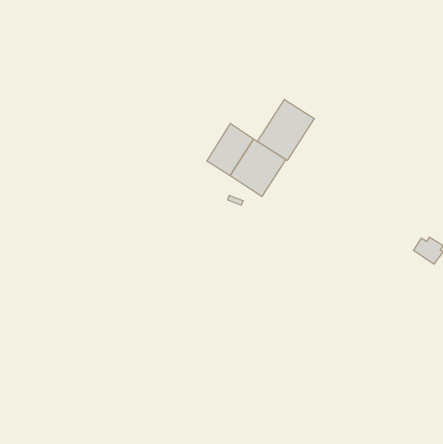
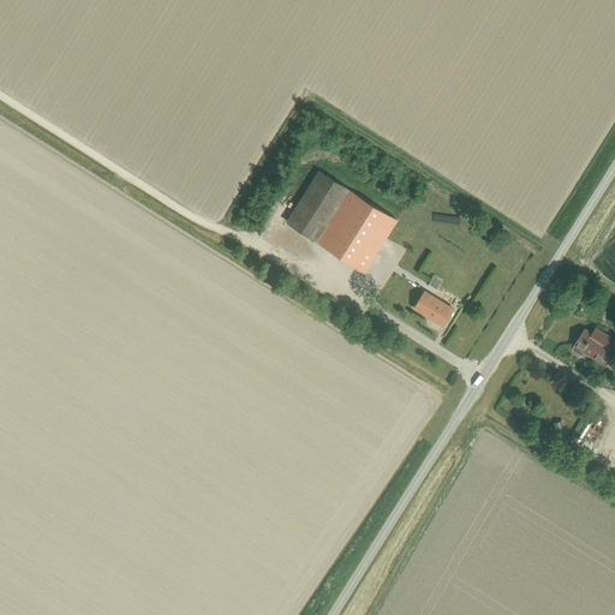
building: [257,99,314,160] -> none
building: none -> [412,291,452,327]

